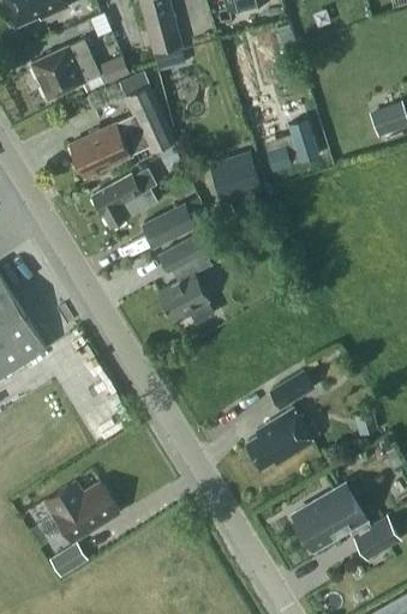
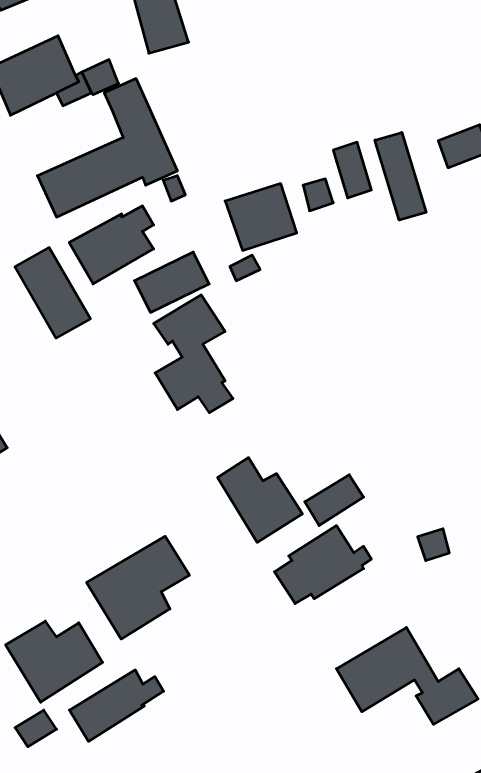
building: none -> [375,132,426,220]
building: none -> [15,248,90,338]
building: none -> [218,458,302,542]
building: none -> [87,536,189,639]
building: none -> [69,670,164,741]

